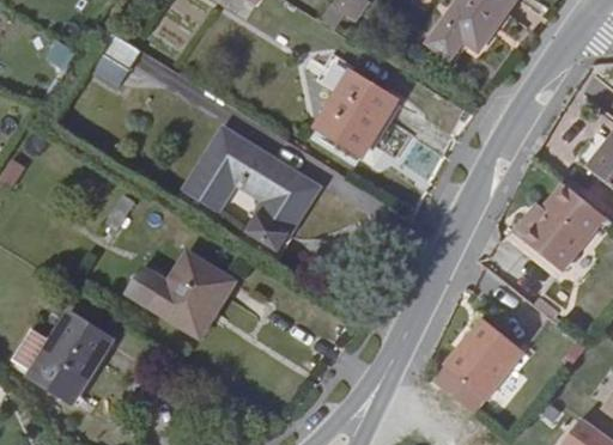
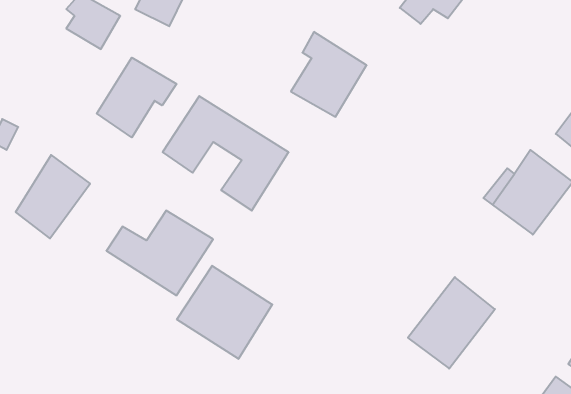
building: none -> [97,58,176,137]
building: none -> [177,266,272,359]
building: [26,312,104,400] -> [16,155,90,238]

